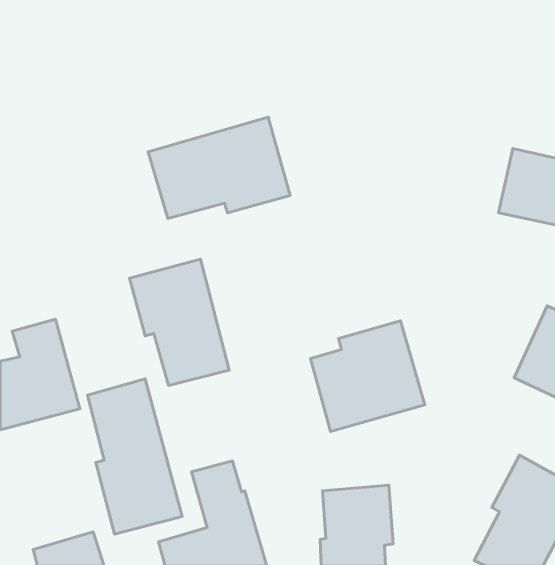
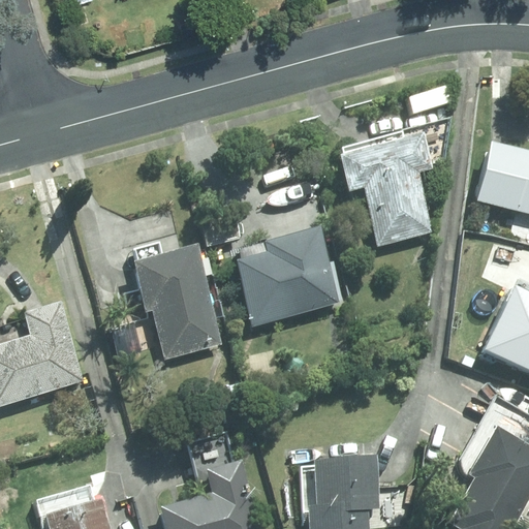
building: [148,117,290,219] -> none
building: none -> [335,129,434,246]
building: [311,321,425,431] -> [235,223,341,326]
building: [87,379,182,534] -> none

